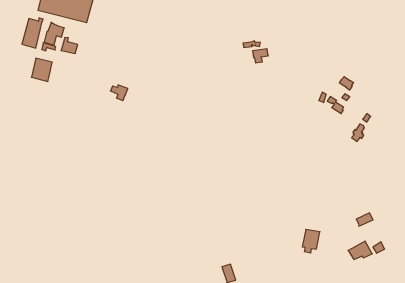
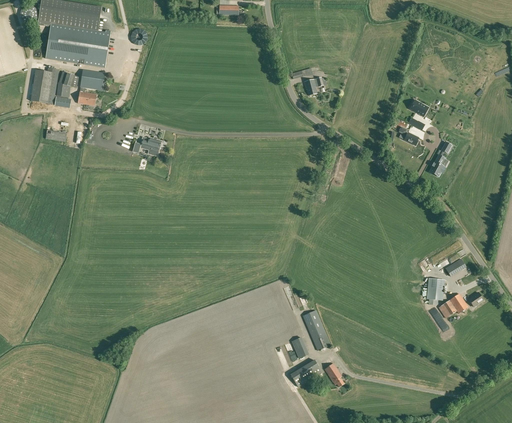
building: none -> [81,69,104,90]
building: [302,229,320,253] -> [426,278,445,305]
building: none -> [303,310,331,350]

